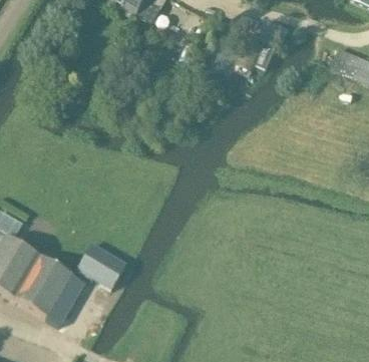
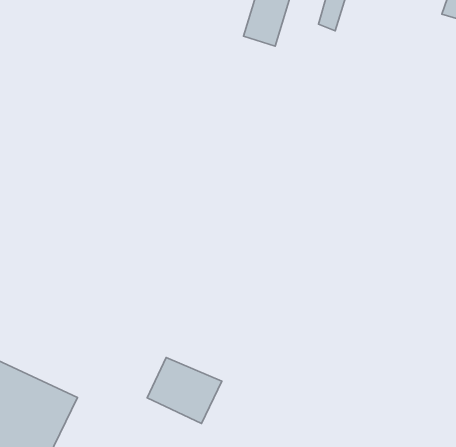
building: [78,244,125,287] -> [147,357,222,424]

